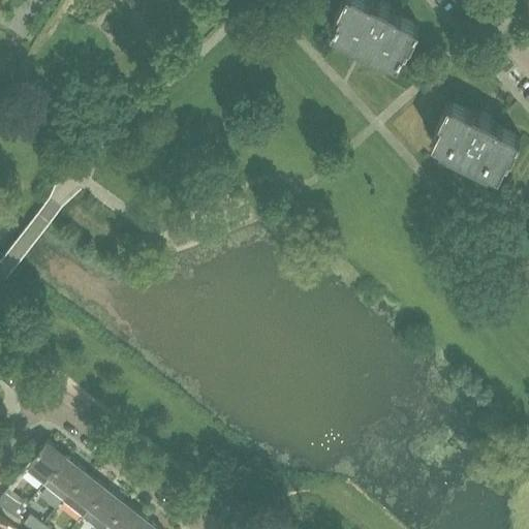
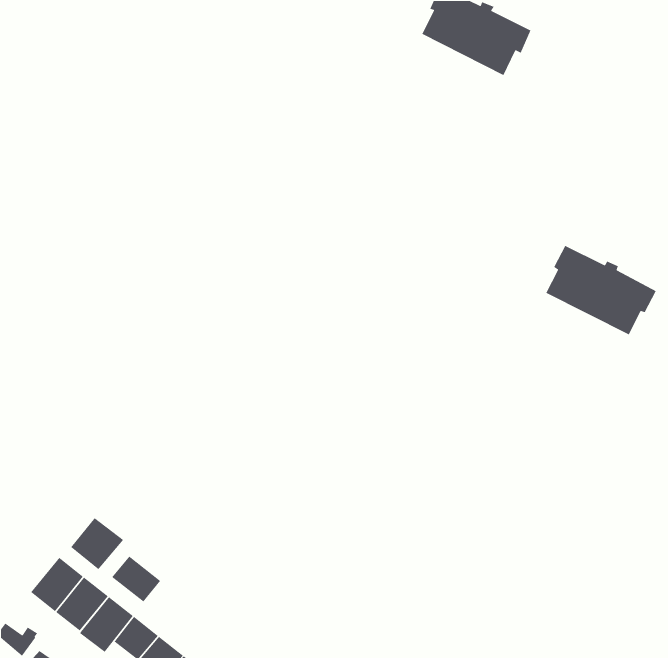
building: [434,110,522,181] -> [545,245,657,335]
building: none -> [70,517,124,570]
building: none -> [111,555,161,602]

